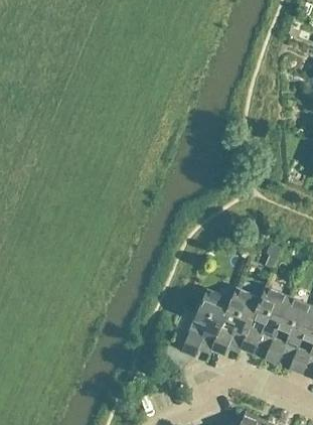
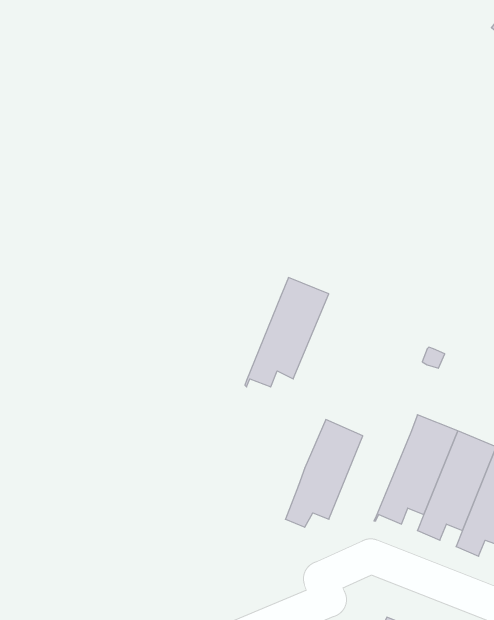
building: [207,288,260,357] -> [245,278,329,387]

